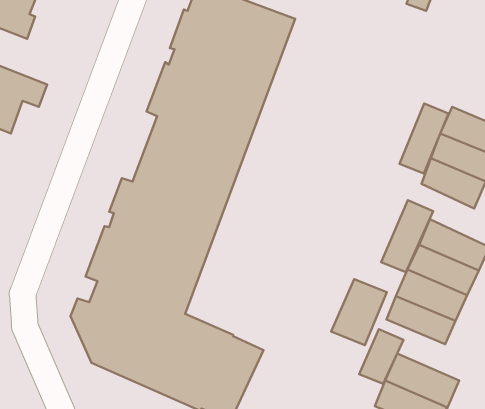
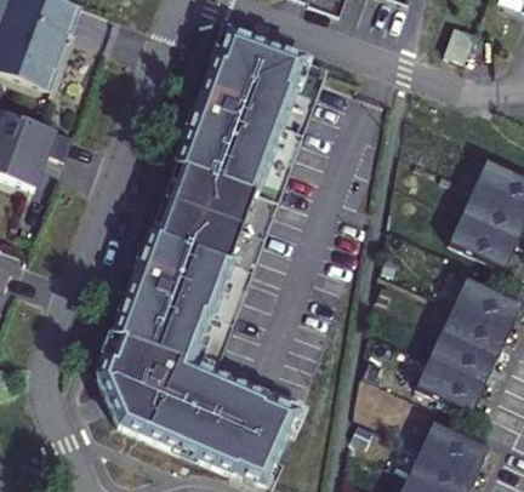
building: [400,104,449,174] -> none
building: [381,200,433,272] -> none
building: [331,279,387,345] -> none
building: [359,329,403,384] -> none

